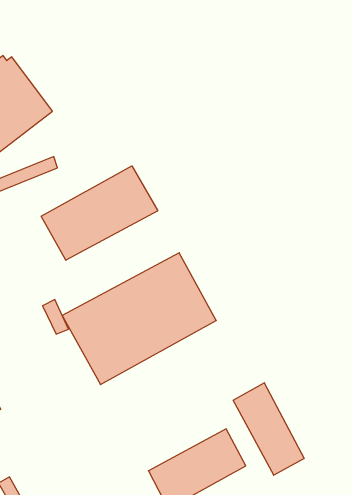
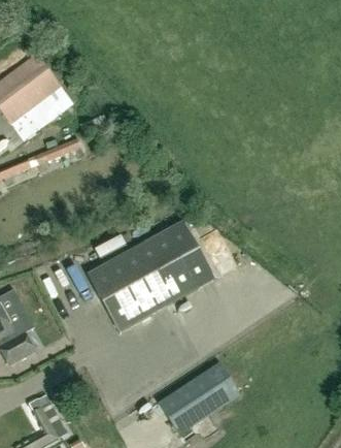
building: [41,166,158,260] -> none
building: [233,383,304,475] -> none

